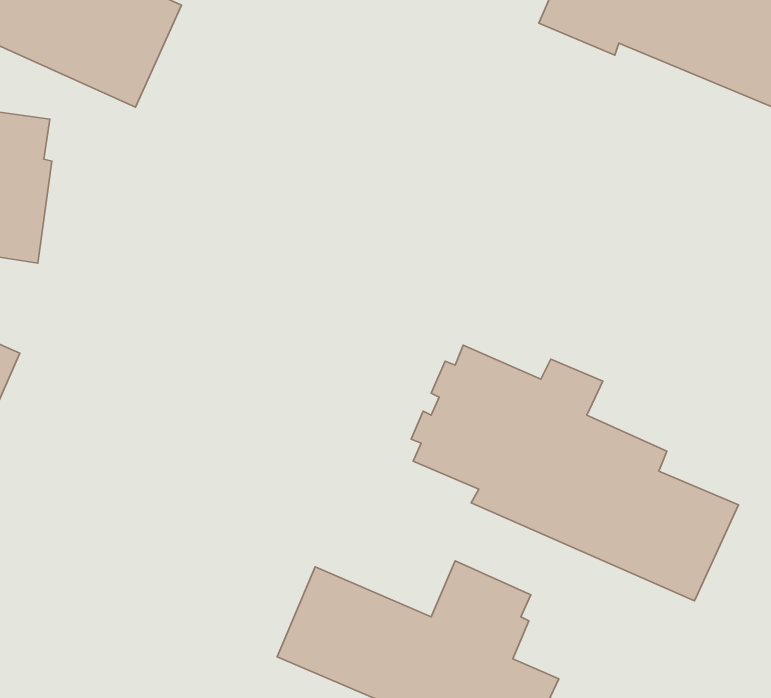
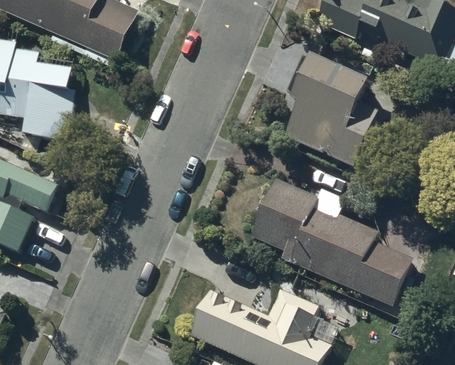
building: none -> [284,55,378,164]

